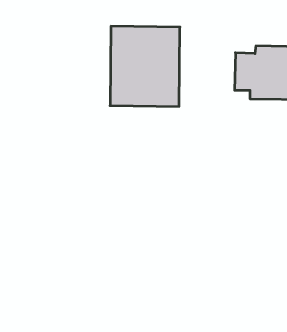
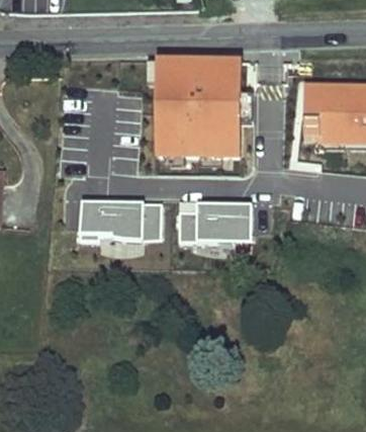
building: none -> [79,198,160,239]
building: none -> [179,201,250,243]

